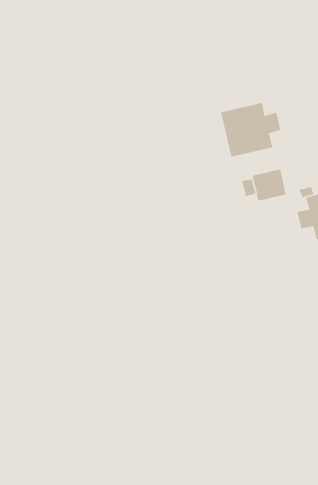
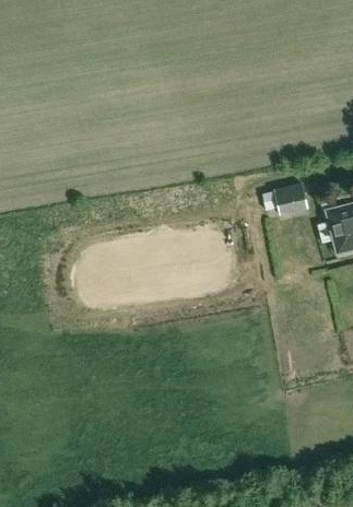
building: [220,102,281,158] -> none

